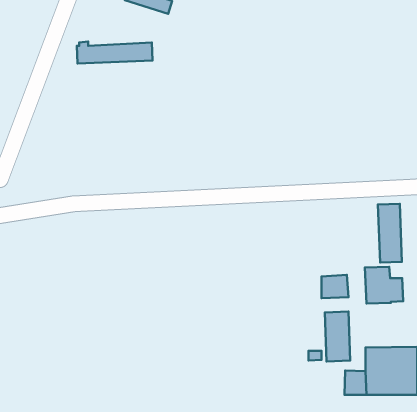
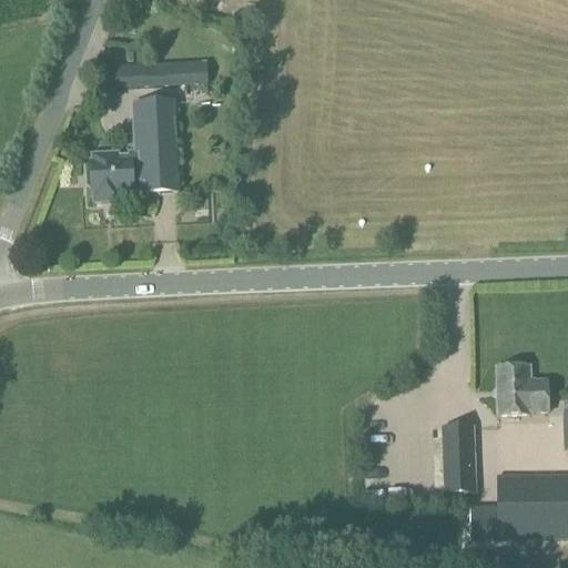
building: none -> [88,99,179,197]
building: [378,204,402,263] -> none
building: [321,275,349,298] -> none

